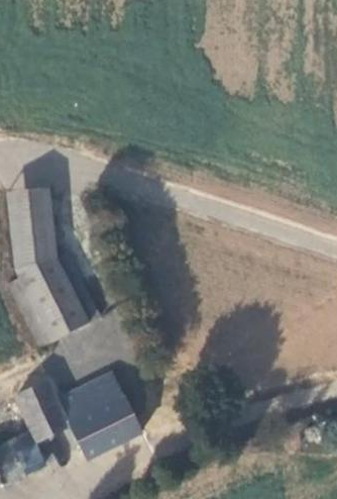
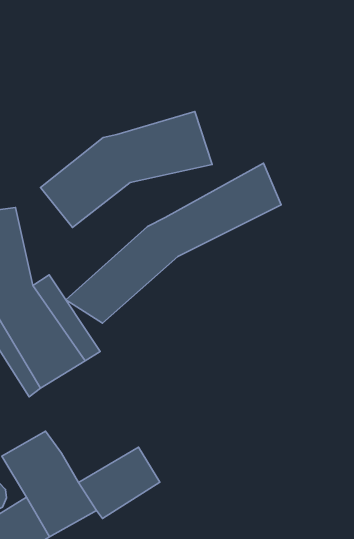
building: none -> [40,111,212,228]
building: none -> [66,163,281,323]
building: [60,373,122,421] -> none

